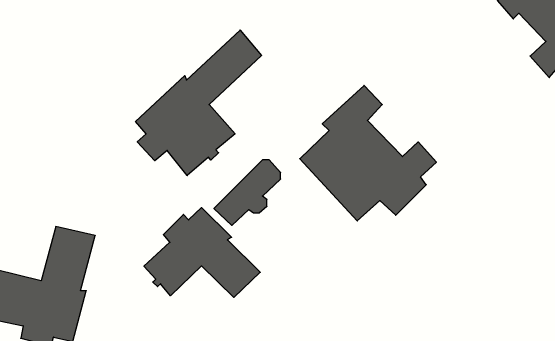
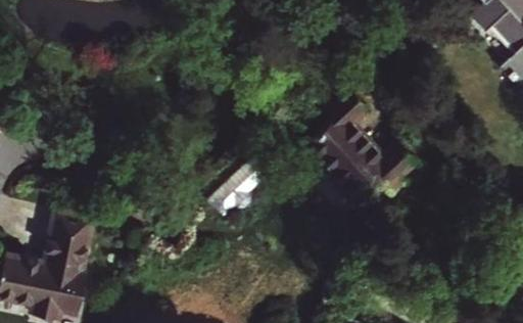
building: [136,30,262,176] -> none
building: [144,208,260,297] -> none

